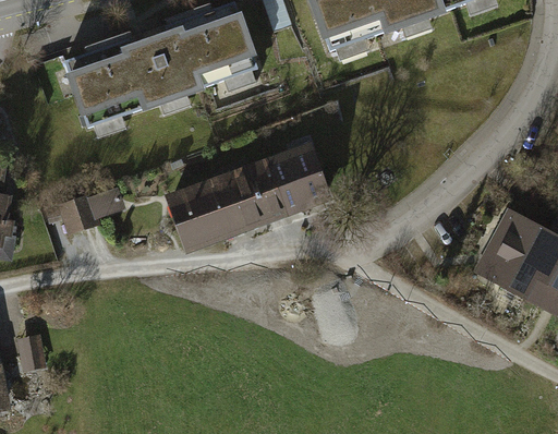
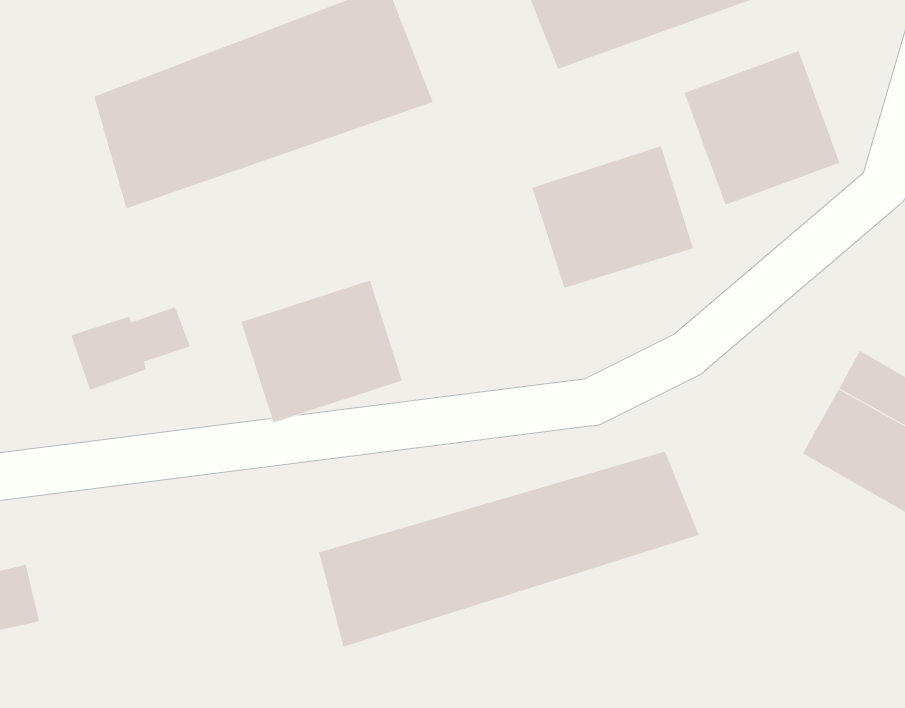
building: none -> [684,50,840,205]
building: [229,146,322,228] -> [531,145,694,289]
building: none -> [318,451,700,648]

